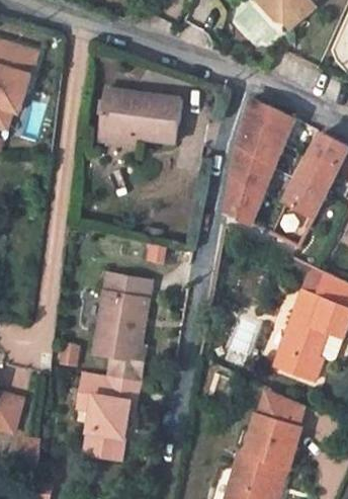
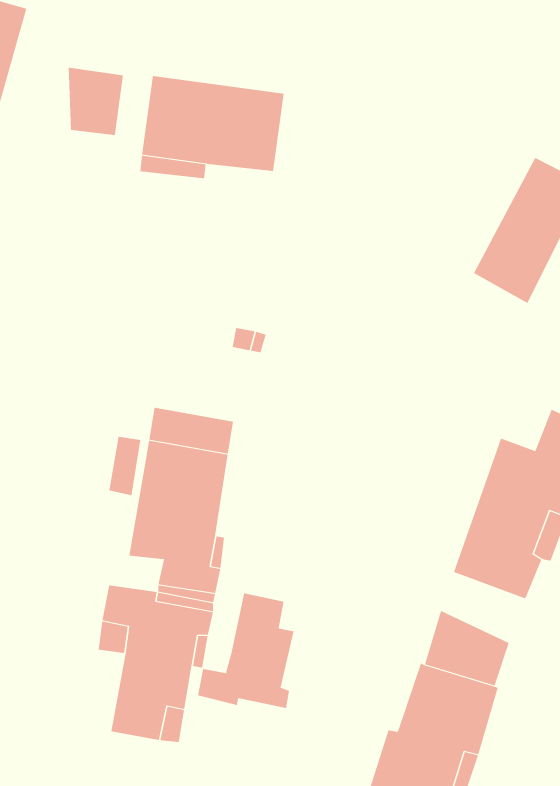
building: none -> [68,67,124,136]
building: [226,99,294,225] -> none
building: none -> [197,593,294,709]

